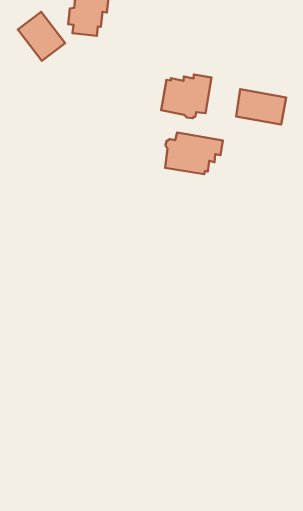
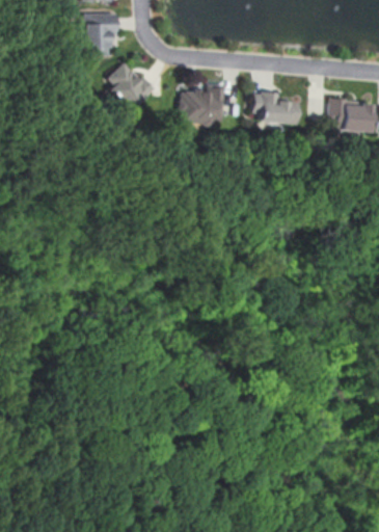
building: [18,12,65,61] -> [105,62,153,110]
building: [165,133,223,174] -> none

